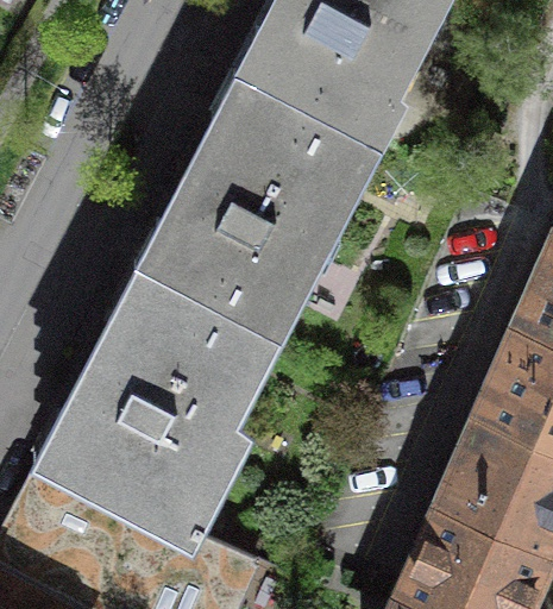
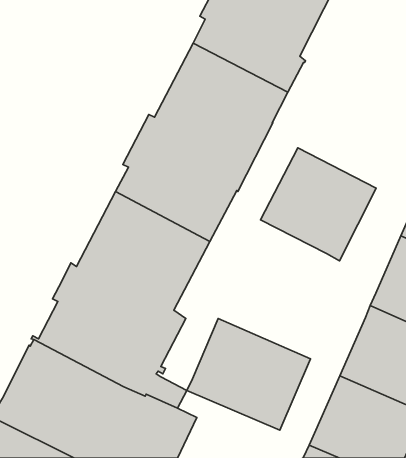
building: none -> [260,148,376,261]
building: none -> [187,319,311,430]

